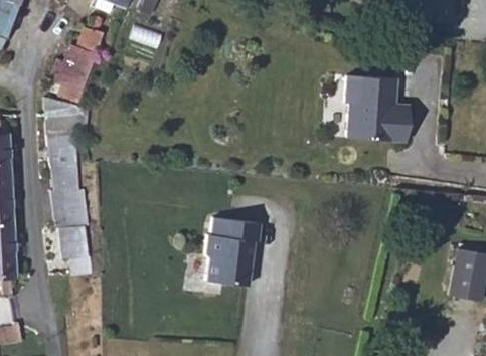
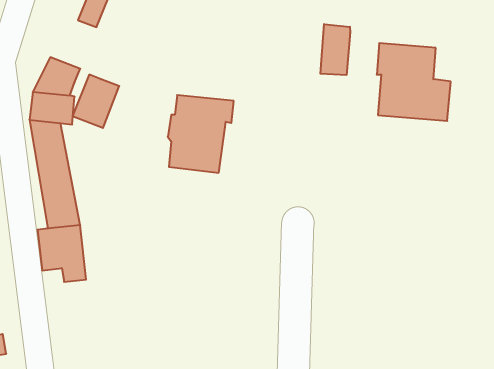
building: [62,44,103,91] -> [73,75,119,128]
building: none -> [320,24,350,75]
building: [195,213,253,281] -> [168,95,234,173]

